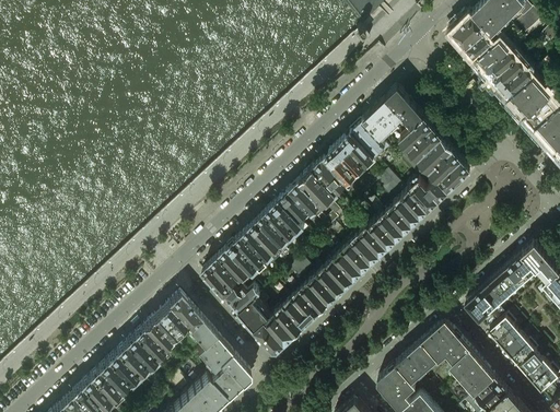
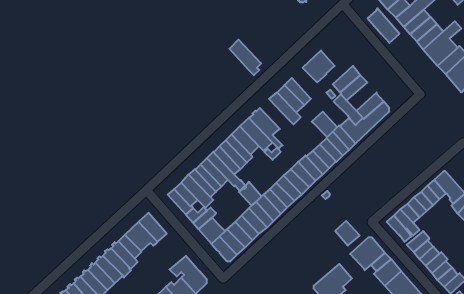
building: [385,89,423,130] -> [368,8,399,43]
building: [350,122,388,165] -> [229,40,261,75]
building: [416,139,452,173] -> none
building: [312,158,347,195] -> none
building: [187,320,223,363] -> none
building: [407,344,436,374] -> [335,221,360,246]

